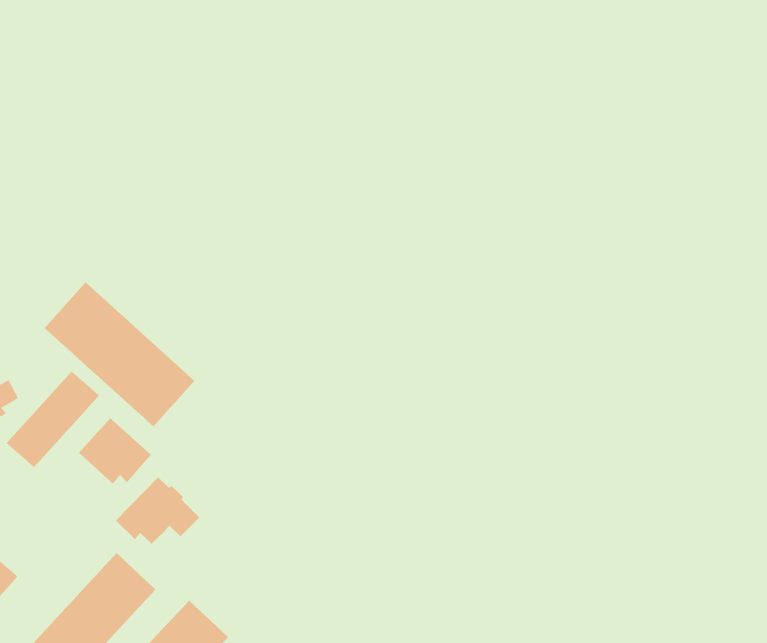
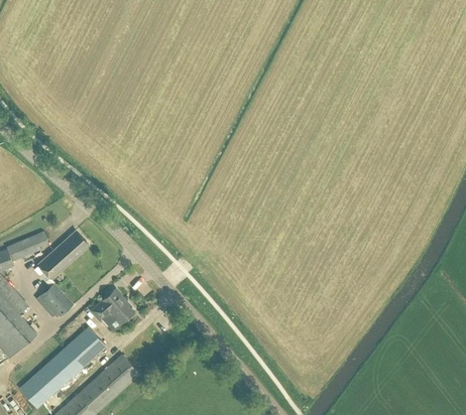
building: [44,282,195,427] -> none
building: [78,418,152,485] -> [36,282,74,316]

